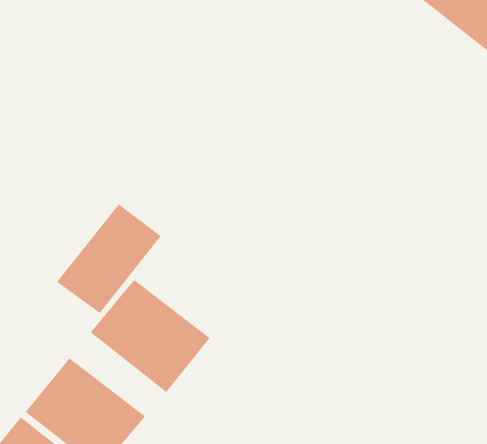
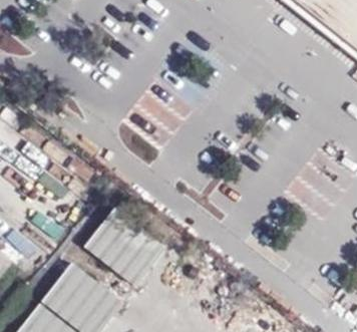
building: [56,204,162,314] -> none

